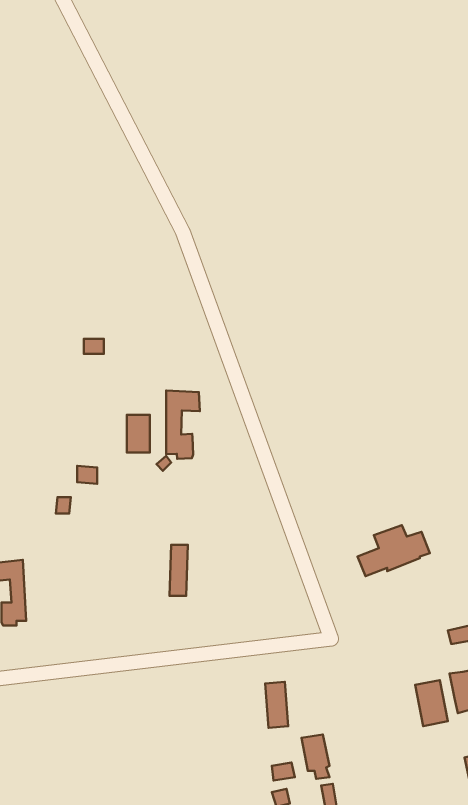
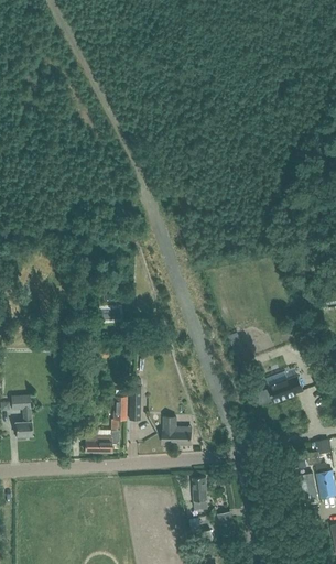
building: [166,390,200,459] -> none
building: none -> [85,395,127,452]
building: none -> [163,416,192,444]

